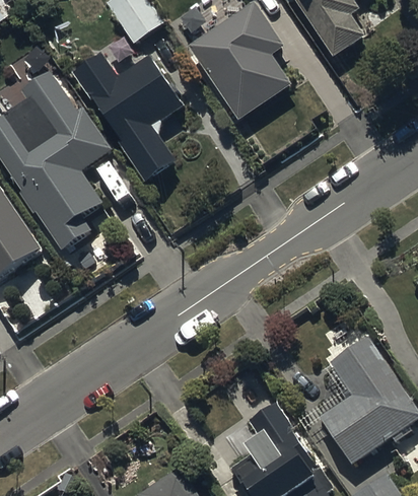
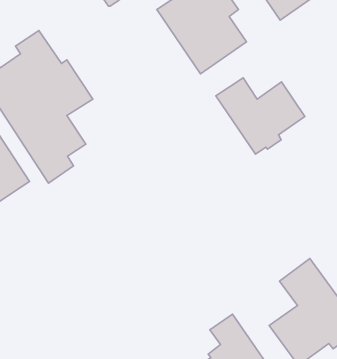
building: [72,53,183,180] -> none
building: none -> [216,78,305,154]

